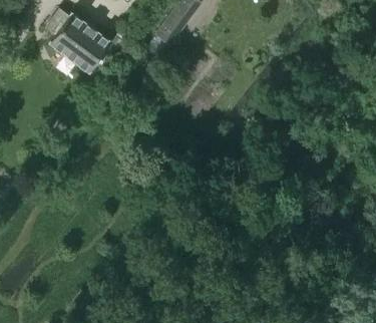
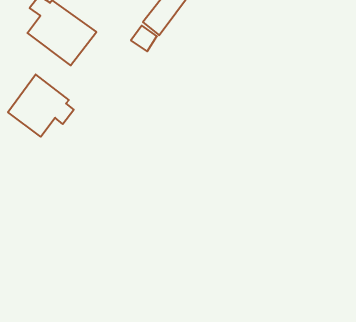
building: none -> [8,74,74,137]

